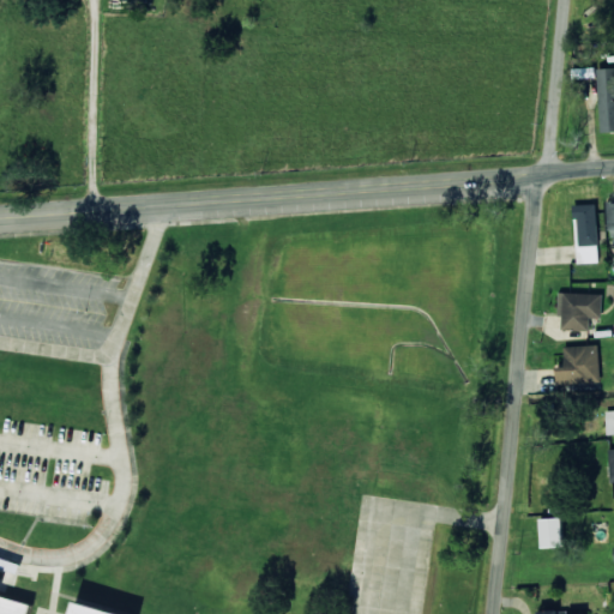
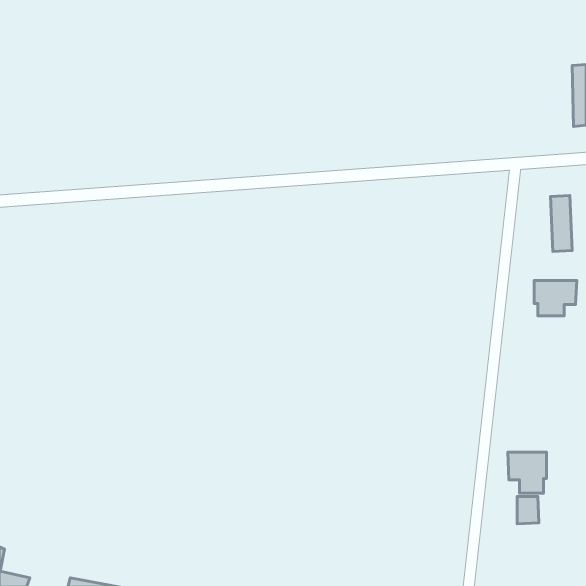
building: [555,347,600,384] -> none
building: none -> [508,452,547,493]

